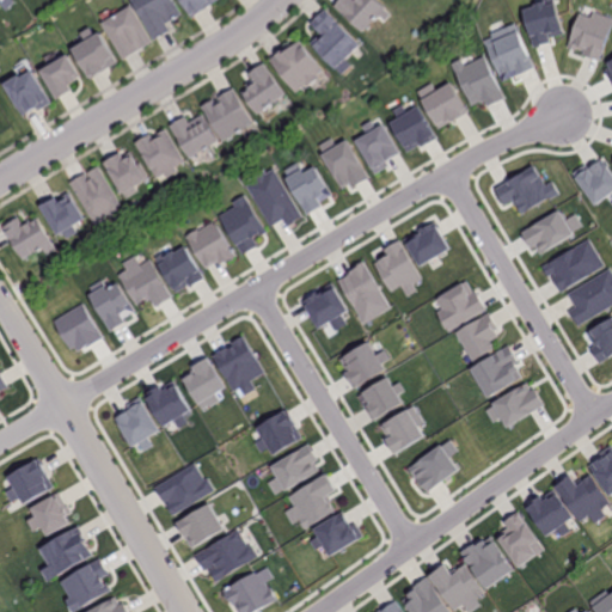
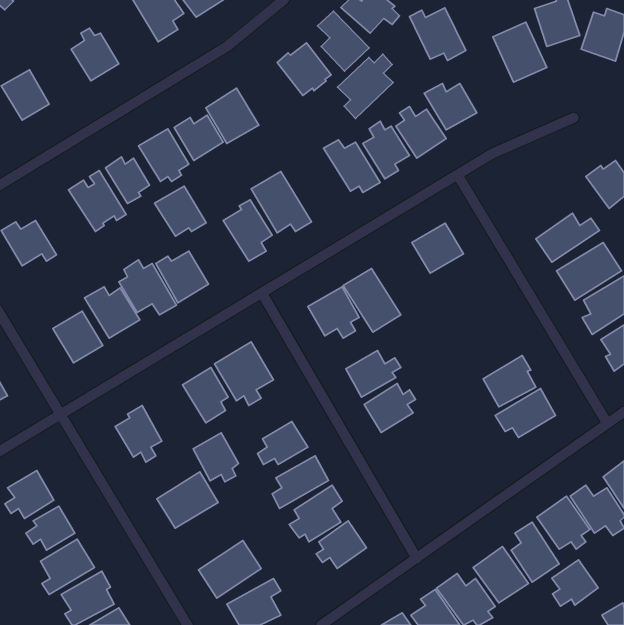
building: [99,5,151,59] -> none
building: none -> [338,54,393,118]
building: [448,55,503,106] -> [409,8,466,60]
building: [39,56,78,99] -> none
building: [241,65,284,115] -> none
building: [281,160,331,215] -> none
building: [492,164,557,214] -> none
building: [38,190,84,237] -> none
building: [184,220,234,269] -> [155,186,206,236]
building: [371,239,421,295] -> none
building: [437,281,482,329] -> none
building: [454,313,498,362] -> none
building: [145,379,189,427] -> [193,433,238,482]
building: [378,403,424,453] -> none
building: [408,439,461,495] -> none
building: [175,503,222,547] -> none
building: none -> [552,560,598,606]

